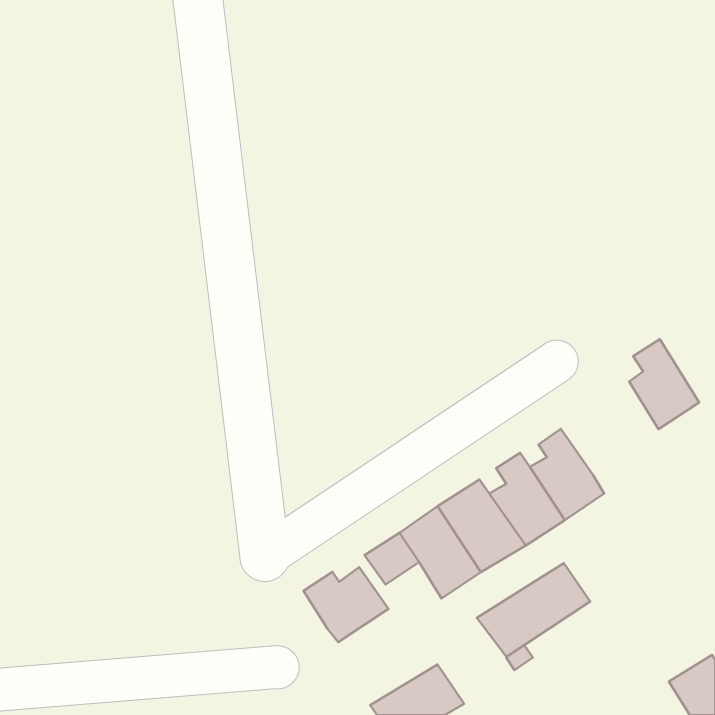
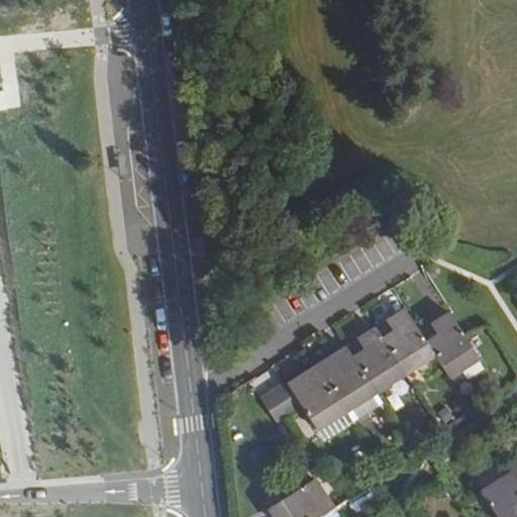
building: [629,339,699,429] -> [427,312,478,377]
building: [477,563,590,657] -> none
building: [303,567,388,642] -> none

